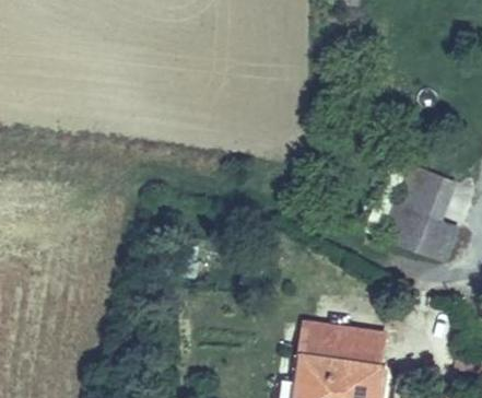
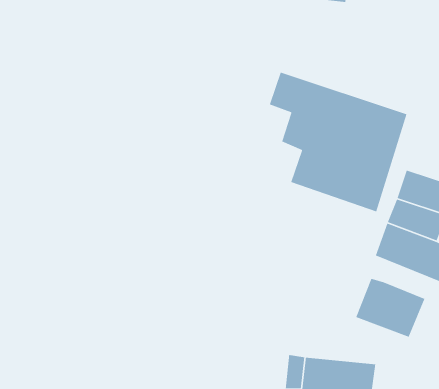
building: none -> [269,72,407,212]
building: none -> [355,278,426,338]

